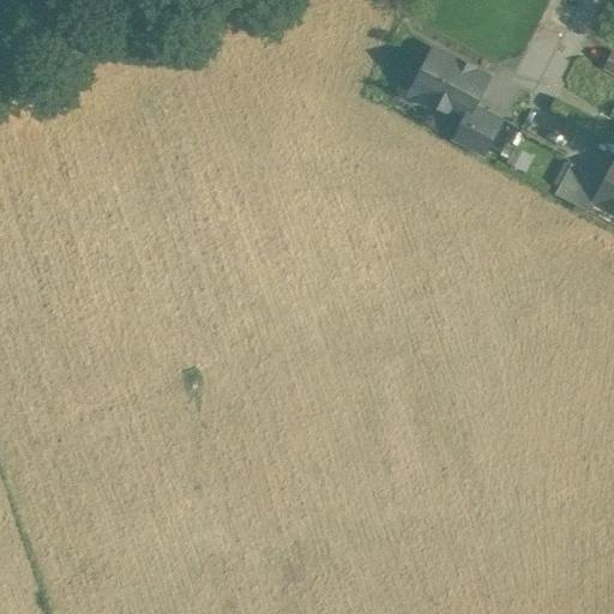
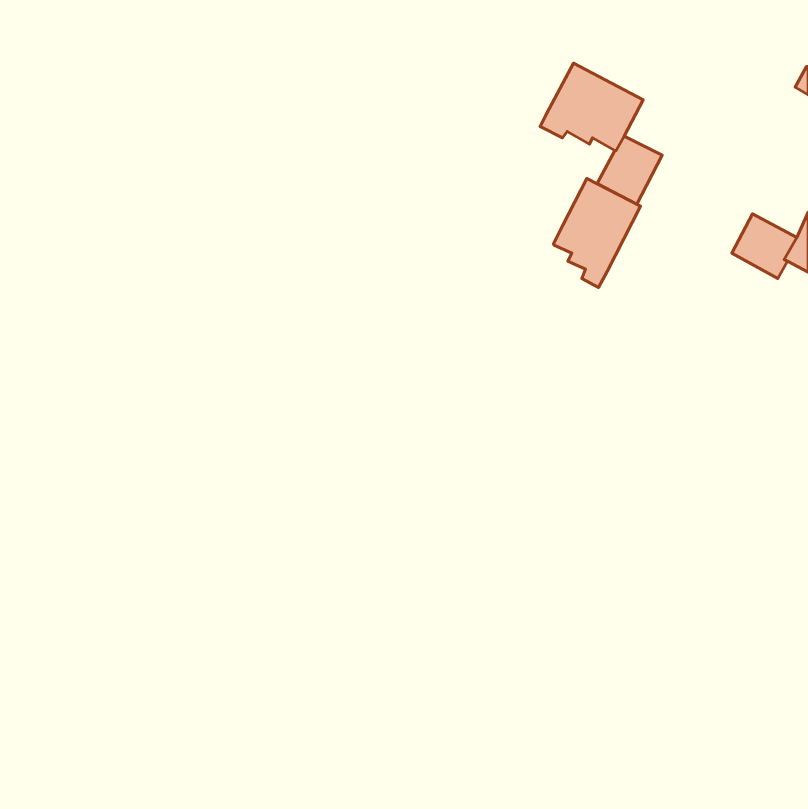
building: none -> [553,178,641,288]

